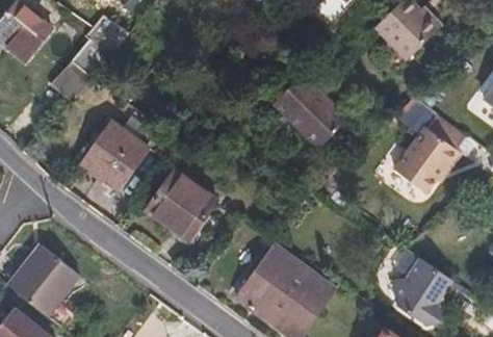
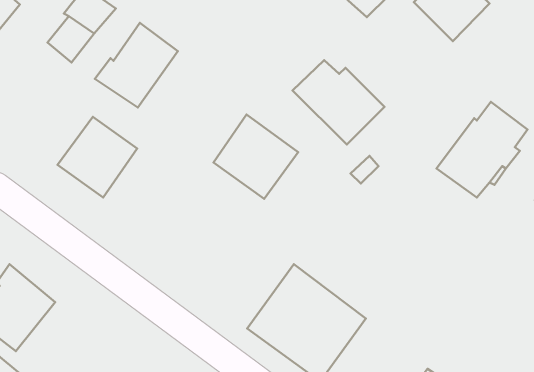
building: none -> [95,23,178,107]
building: [52,61,93,102] -> none
building: [147,171,216,240] -> [214,114,298,199]
building: [390,257,449,321] -> none

